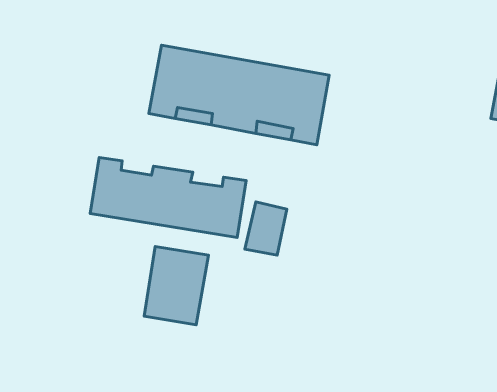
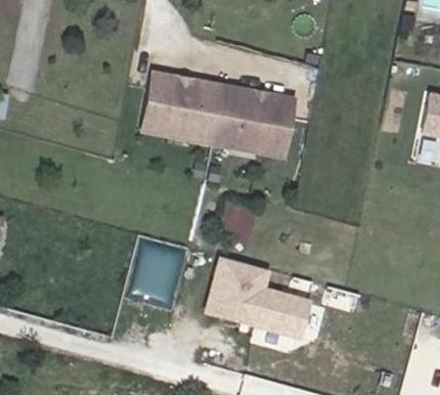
building: [90,158,246,238] -> none
building: none -> [212,253,322,338]

